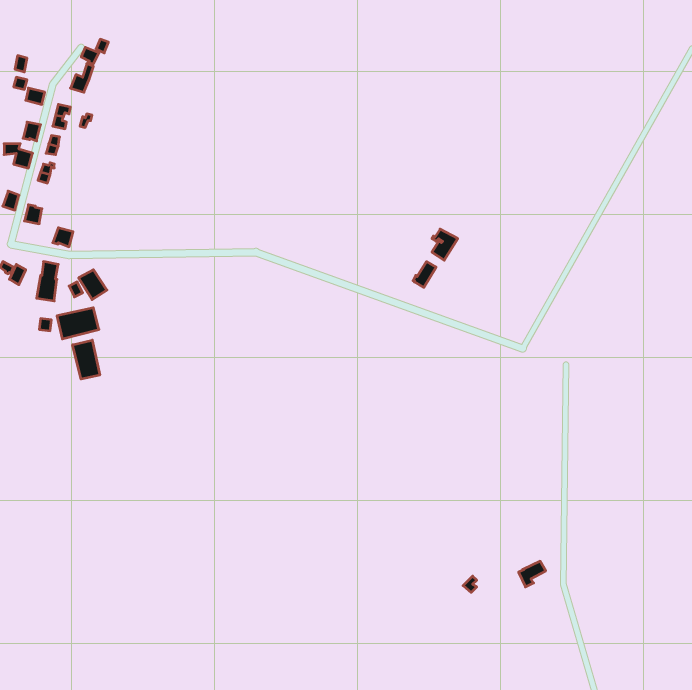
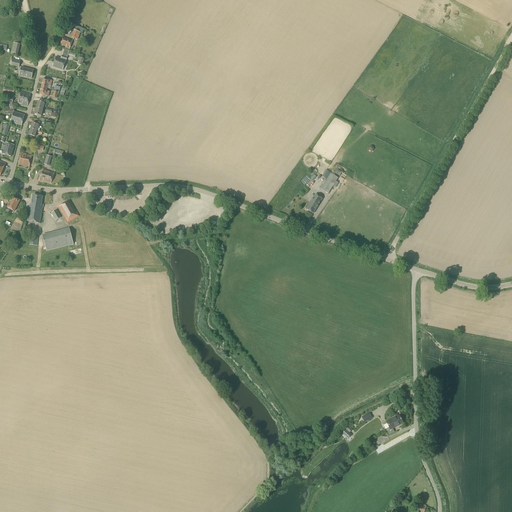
building: [73,340,100,379] -> none

